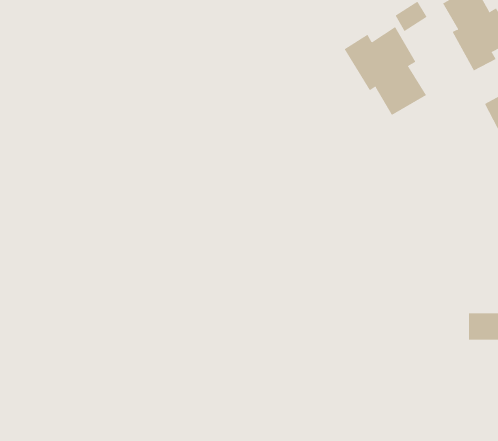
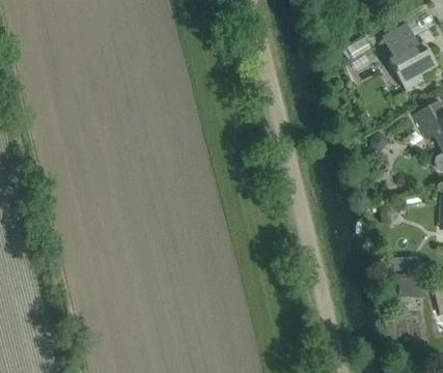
building: [344,26,427,116] -> none

